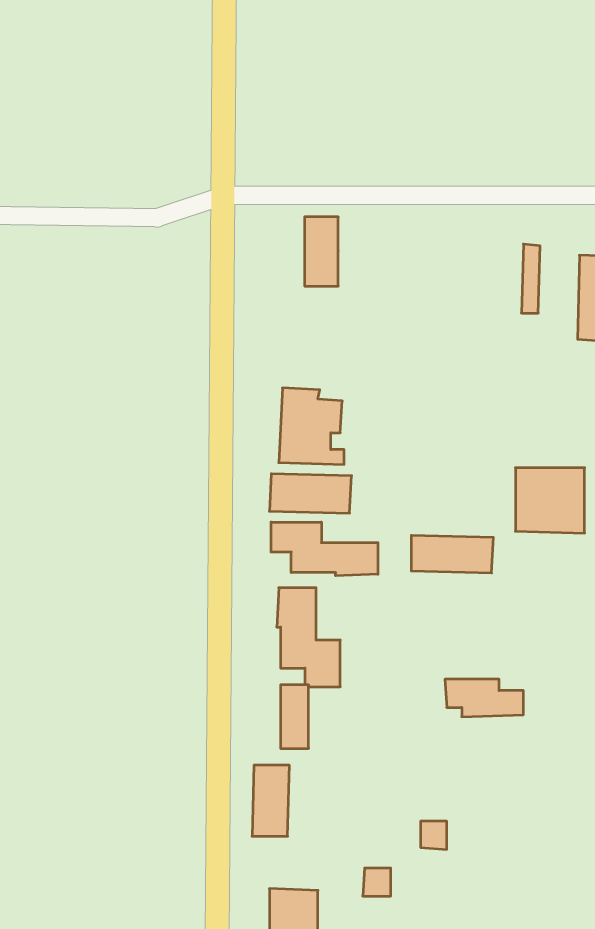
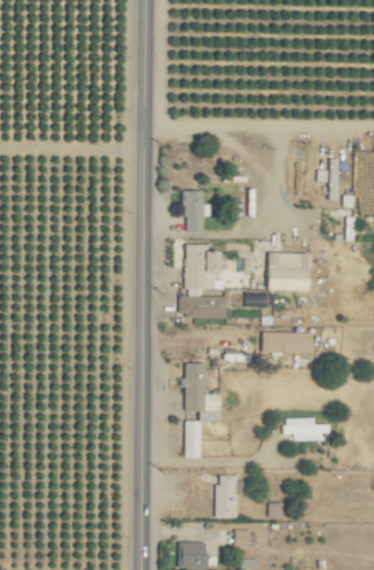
building: [305,217,338,286] -> [184,190,204,232]
building: [515,468,585,533] -> [268,253,309,292]
building: [271,522,378,576] -> none
building: [252,765,289,836] -> [216,475,238,518]

